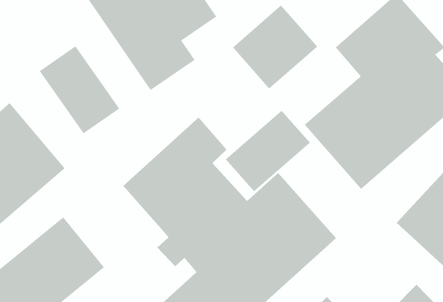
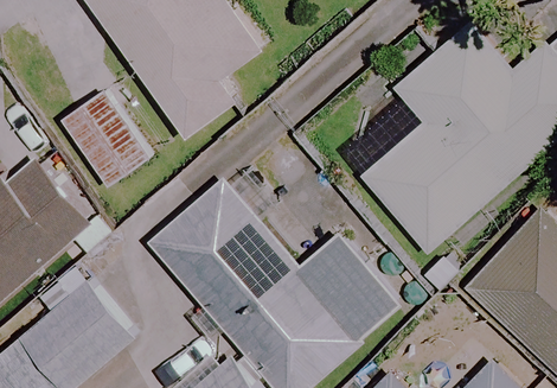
building: [232,5,318,89] -> none
building: [225,110,311,192] -> none

